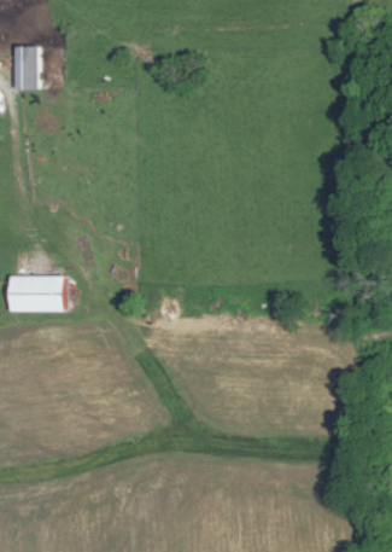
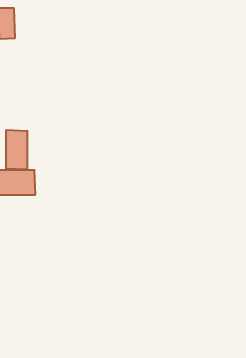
building: none -> [6,130,27,170]

